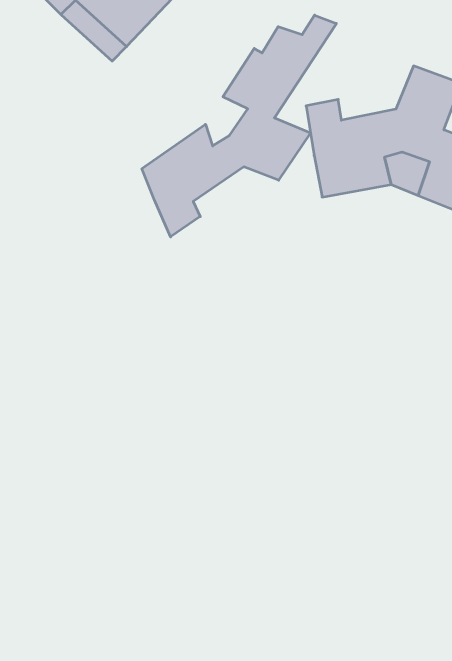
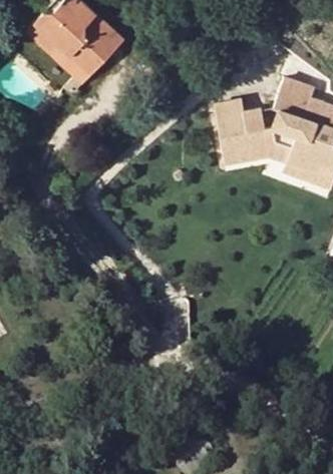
building: [142,15,336,237] -> none

